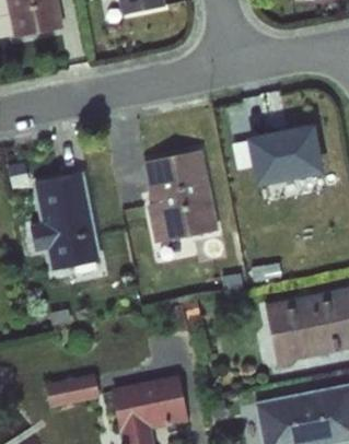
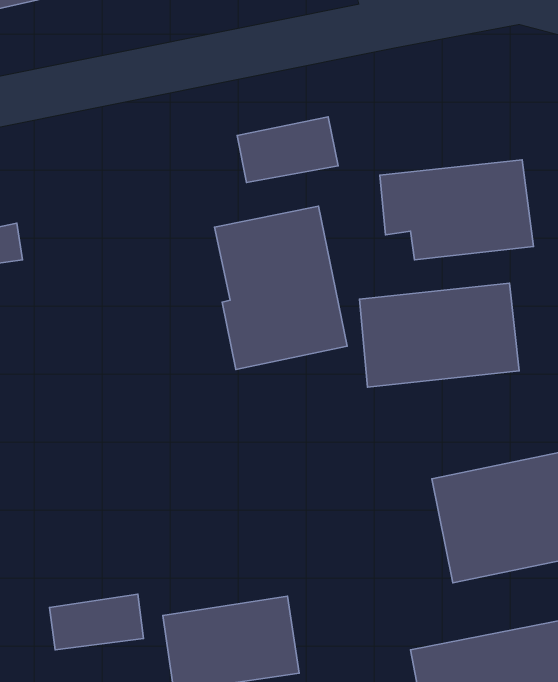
building: none -> [237,117,338,183]
building: [33,173,102,272] -> none
building: none -> [360,283,519,387]

